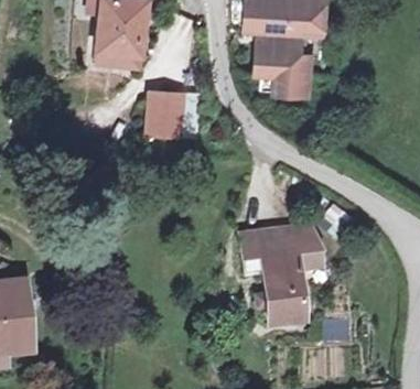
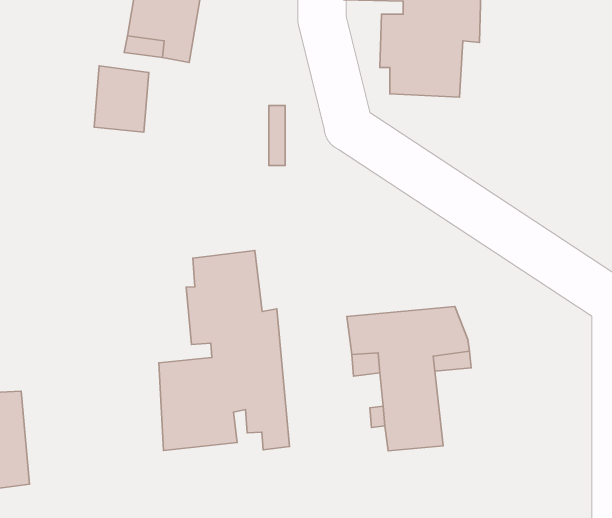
building: [146,94,182,138] -> [94,66,149,132]
building: none -> [159,251,290,451]

